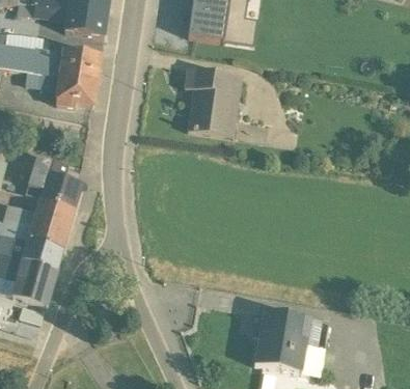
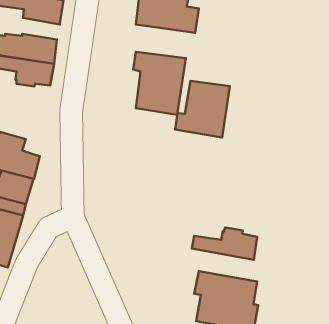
building: none -> [175,81,230,137]
building: none -> [192,228,257,260]

